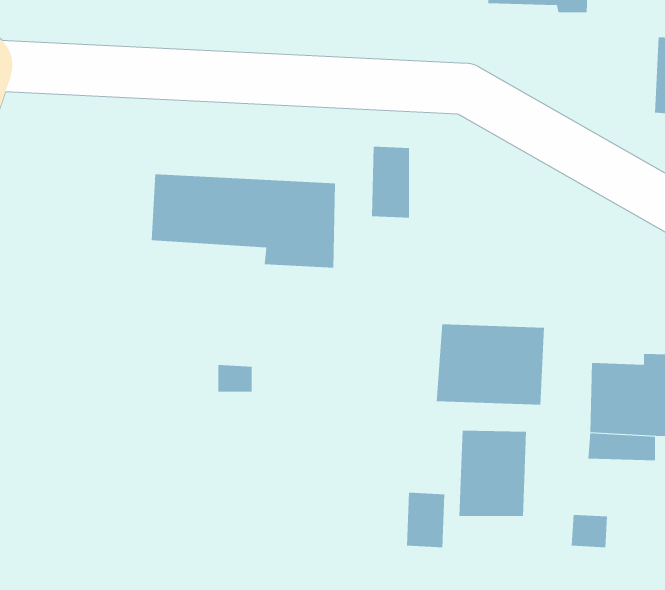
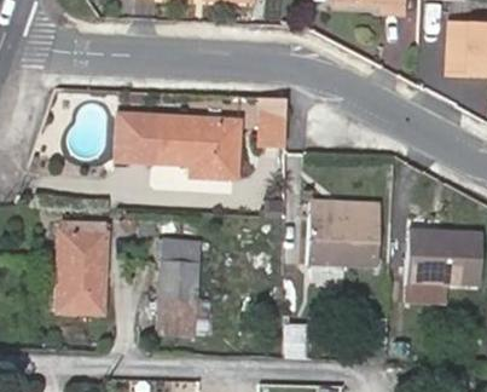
building: none -> [59,221,105,311]
building: none -> [160,264,195,336]
building: [459,430,527,517] -> none

